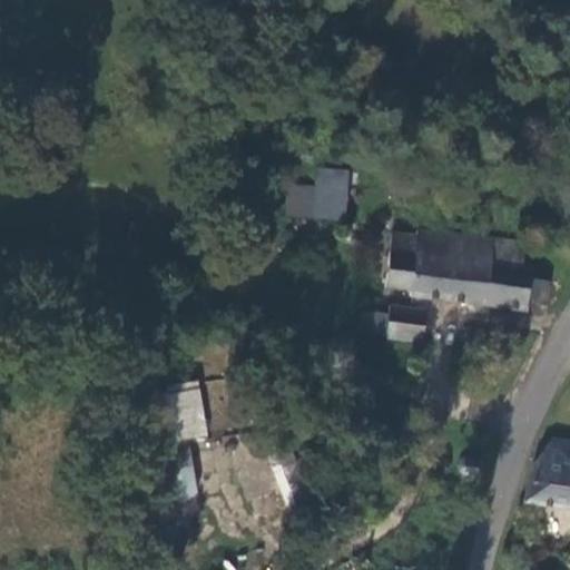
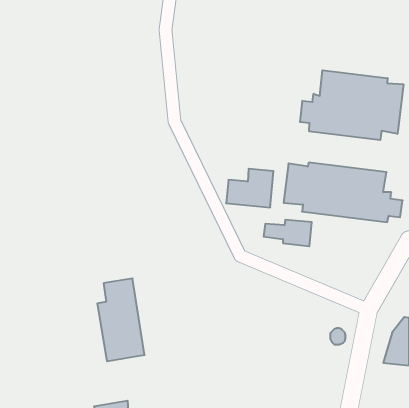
building: none -> [300,70,403,140]
building: [282,171,347,225] -> [226,169,273,207]

